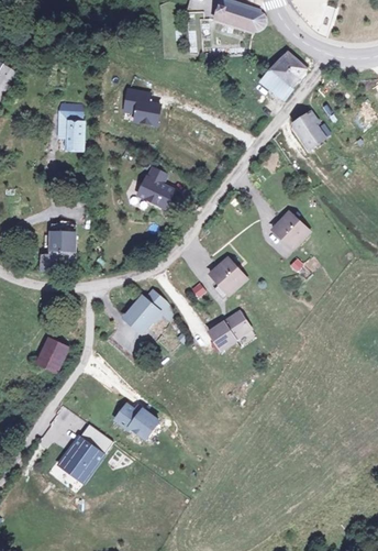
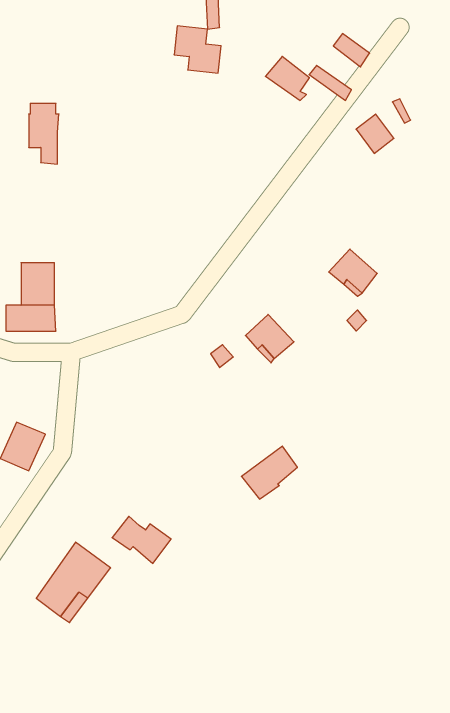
building: [265,64,297,96] -> [265,56,309,100]
building: [123,98,157,132] -> [174,26,221,73]
building: [135,165,171,206] -> none
building: [124,290,168,332] -> none
building: [213,310,254,349] -> [241,446,297,499]

